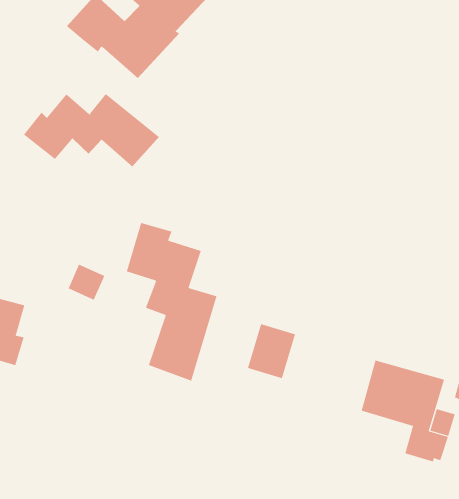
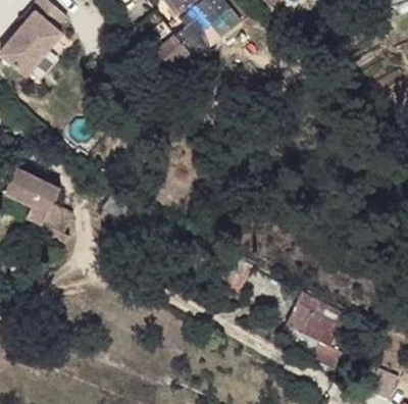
building: [23,93,160,168] -> none
building: [126,222,217,381] -> none

